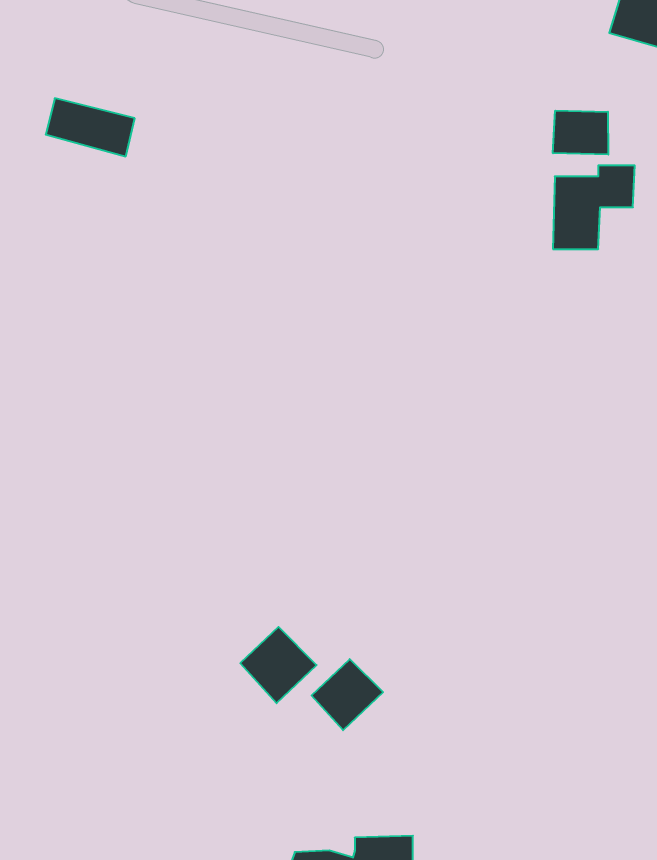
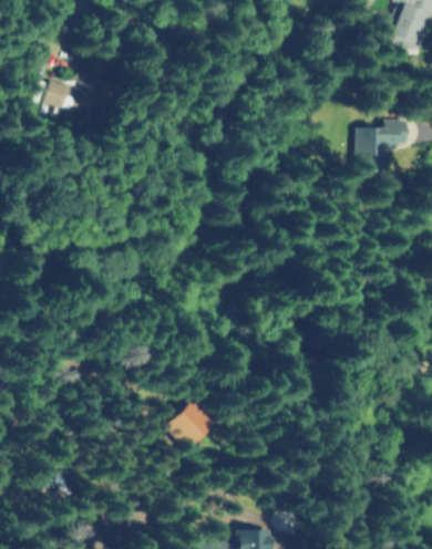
building: [553,111,608,155] -> none
building: [312,659,383,730] -> none

